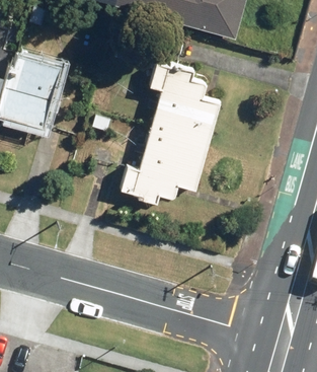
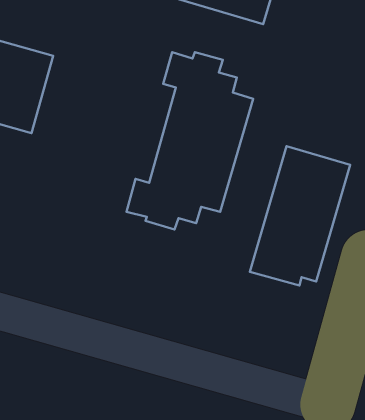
building: none -> [250,146,350,285]

